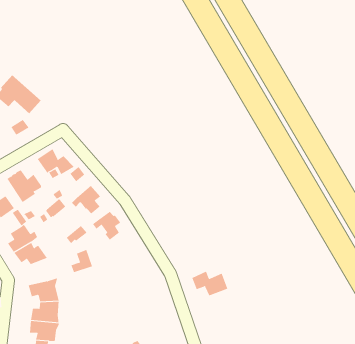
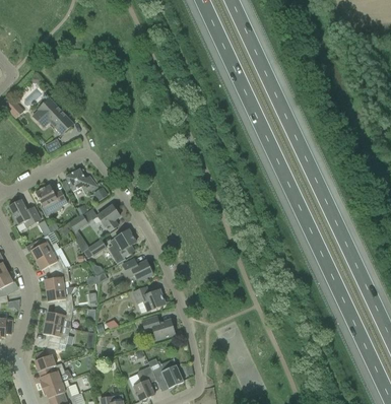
building: none -> [123,258,153,280]
building: none -> [45,266,70,289]
building: none -> [133,285,166,310]
building: [192,271,228,296] -> [142,315,175,338]

